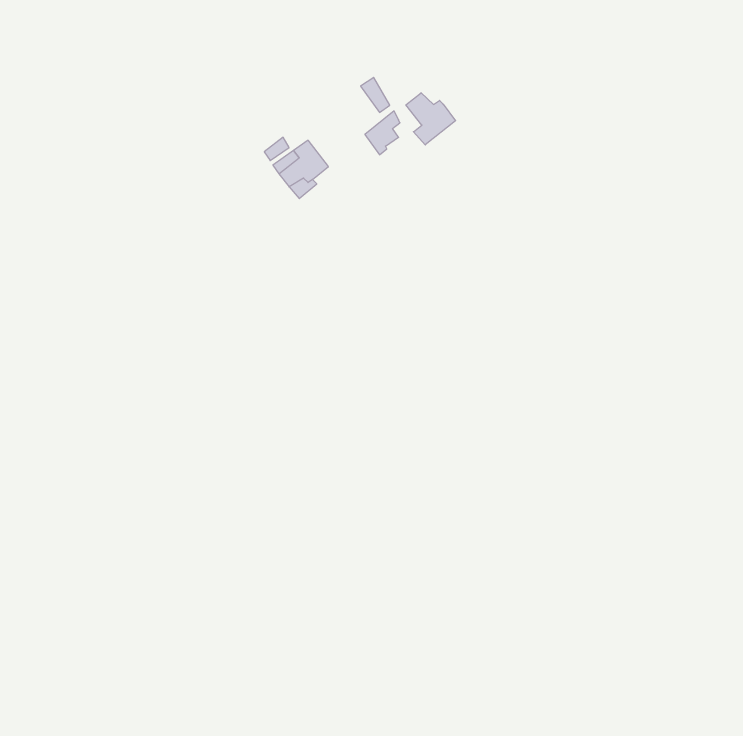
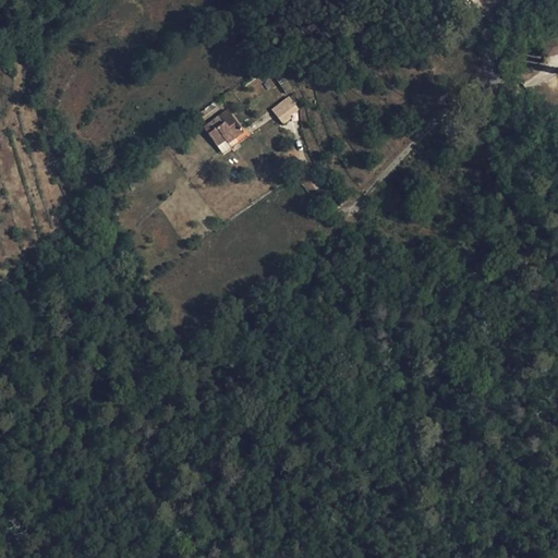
building: [406,93,456,145] -> none

